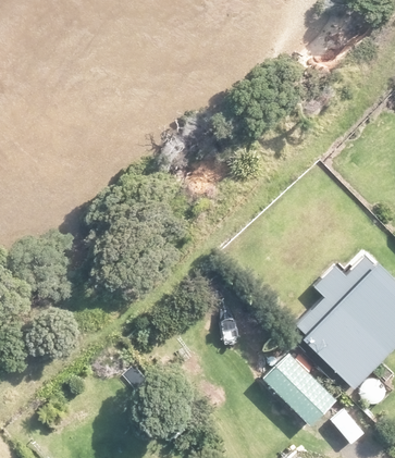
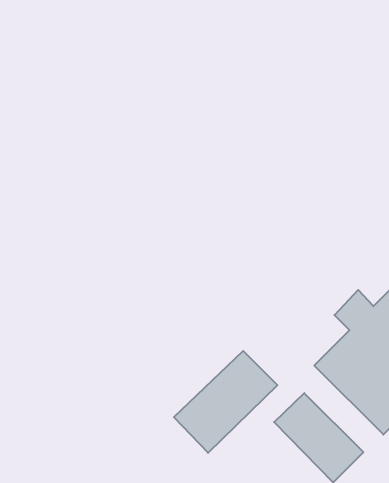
building: none -> [174,351,277,453]

